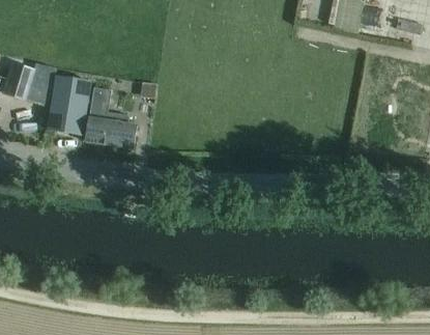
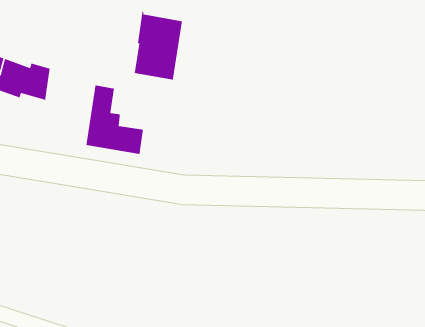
building: [47,72,90,134] -> [134,10,183,80]

